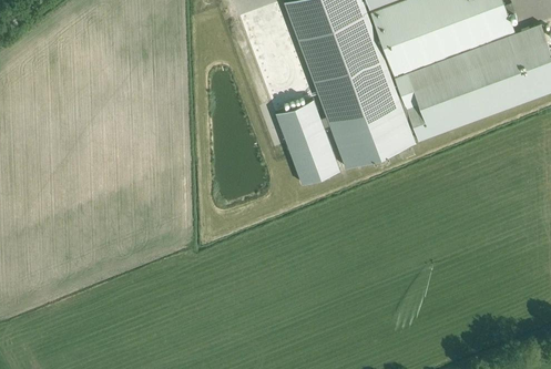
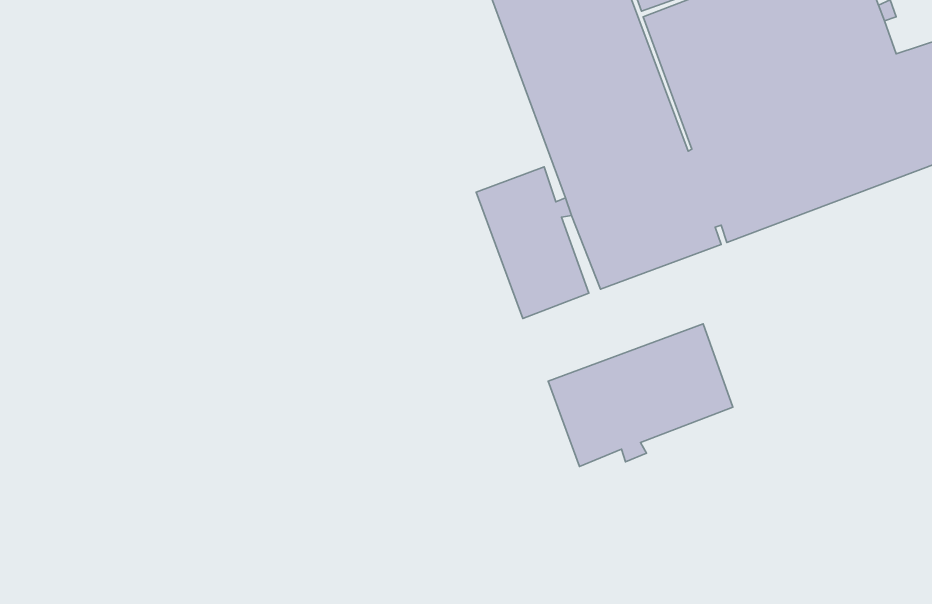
building: none -> [548,324,733,466]

